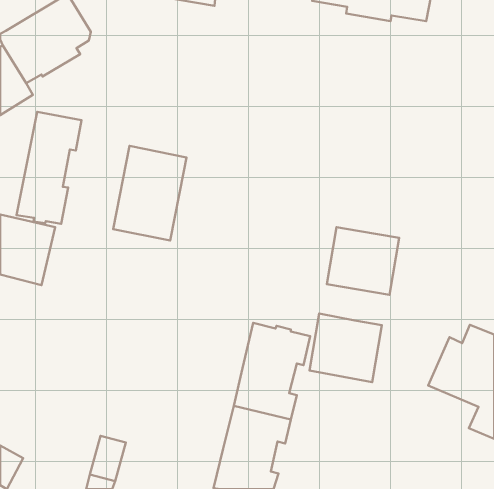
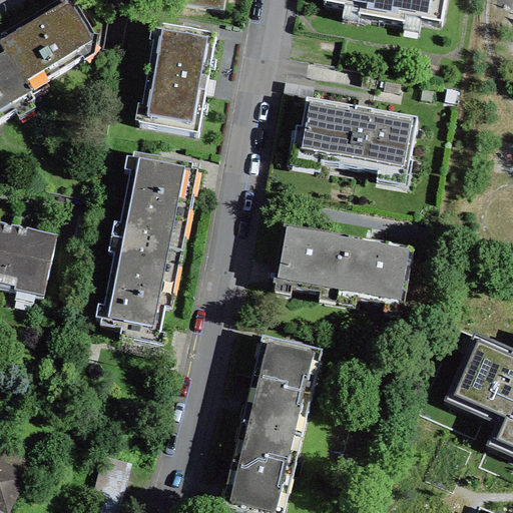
building: none -> [139,23,216,132]
building: none -> [293,96,418,170]
building: [17,112,82,224] -> none
building: none -> [100,237,176,336]
building: [309,314,382,382] -> [274,223,349,295]

